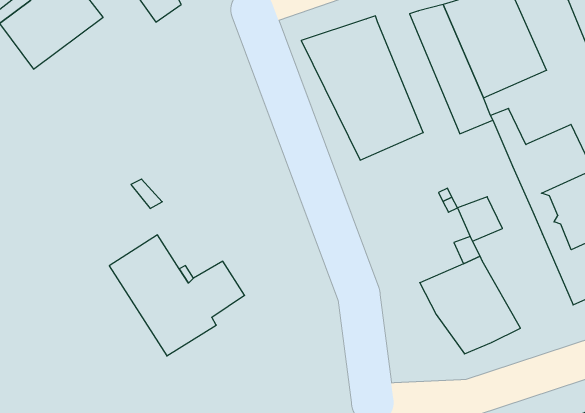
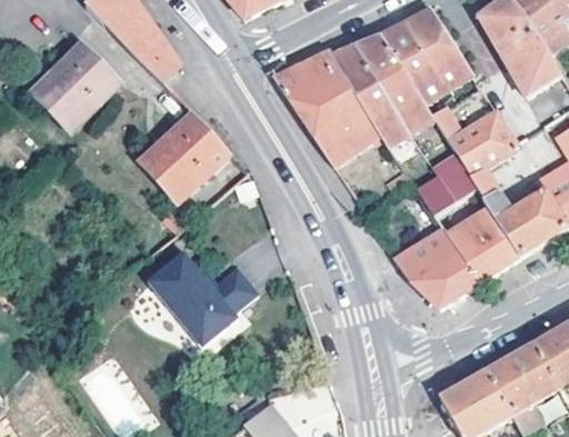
building: none -> [332,44,410,147]
building: none -> [142,111,227,201]
building: none -> [431,153,478,203]
building: none -> [442,203,519,280]

